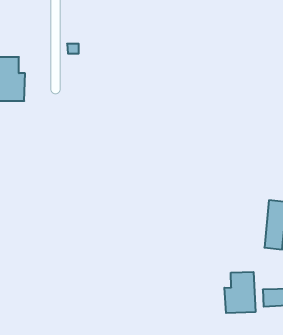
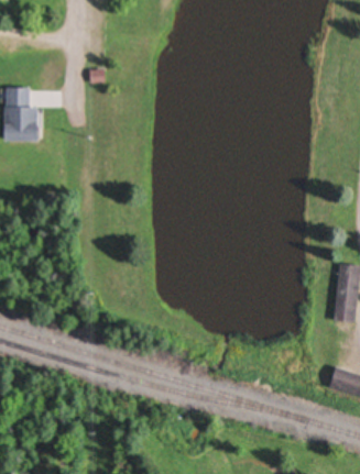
building: [224,272,255,313] -> none

